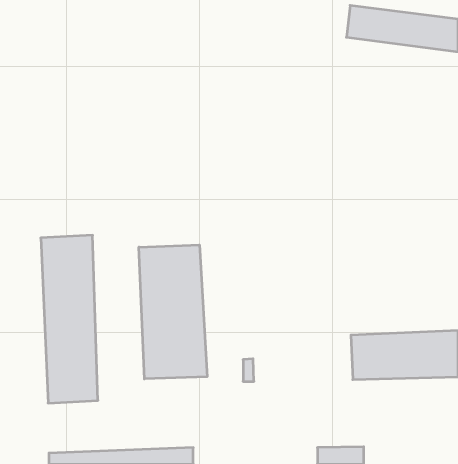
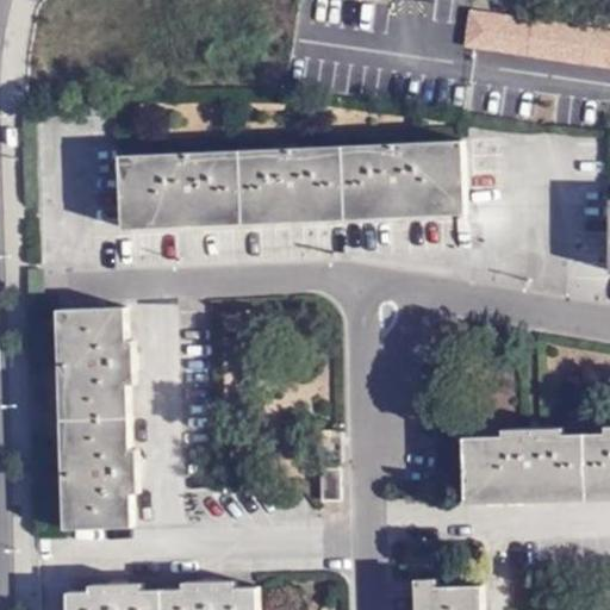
building: none -> [117,149,461,222]
building: [139,245,207,379] -> none

